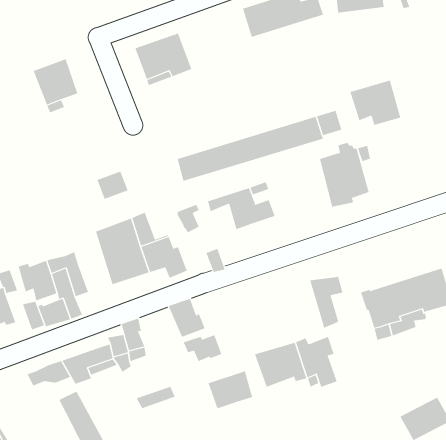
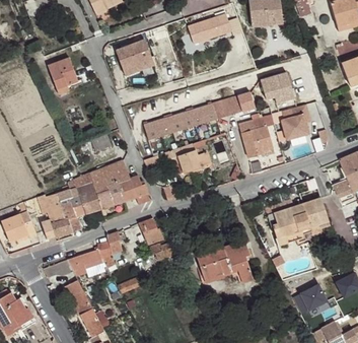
building: none -> [281,104,308,140]
building: none -> [67,174,100,214]
building: [309,276,343,328] -> none
building: [208,370,253,409] -> none

